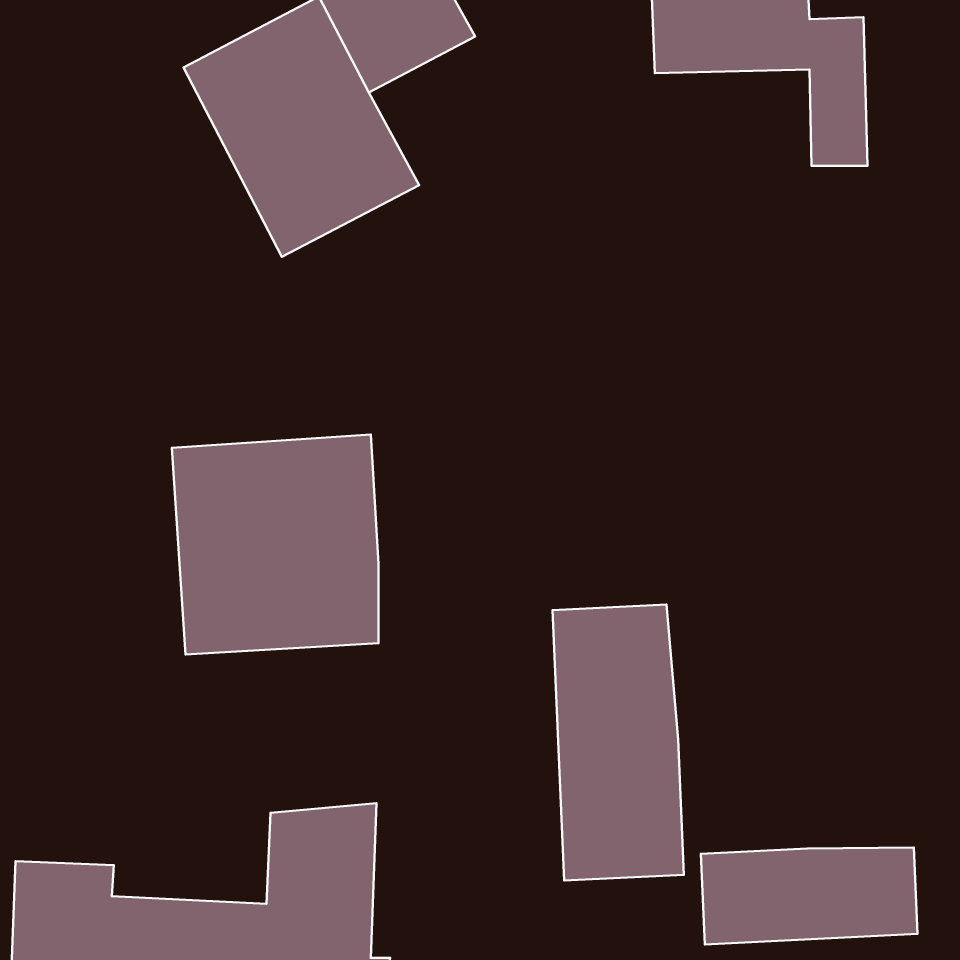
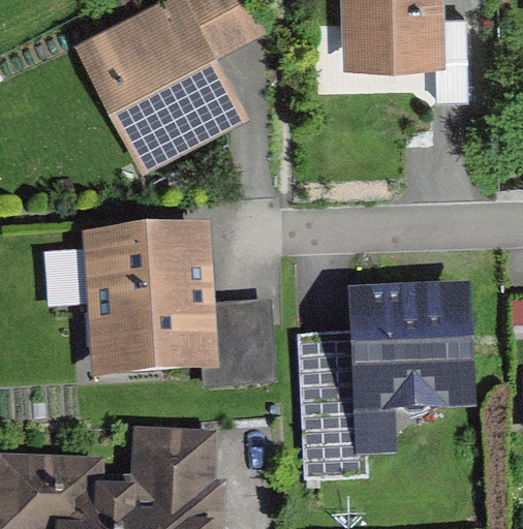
building: none -> [357,298,465,412]
building: none -> [204,308,271,385]
building: [701,848,917,944] -> none

